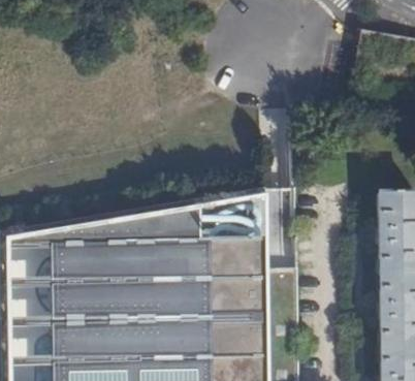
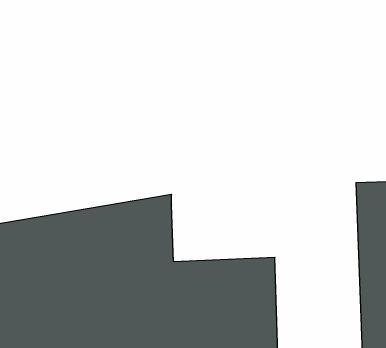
building: [195,184,295,265] -> none

